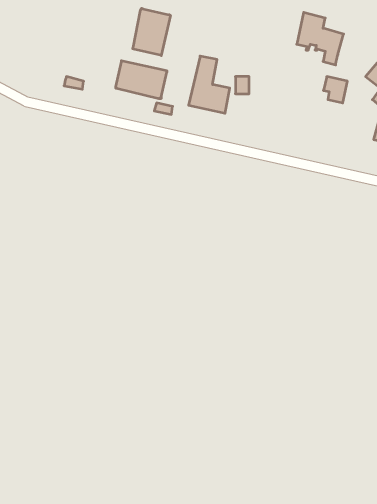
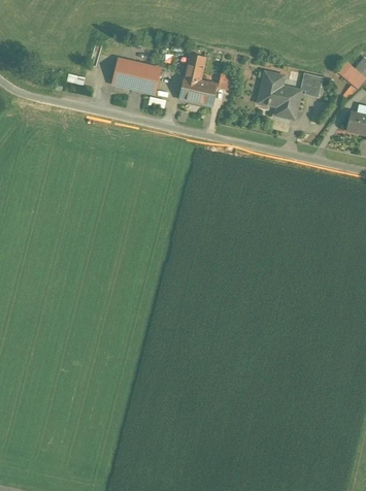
building: [133,8,170,56] -> none
building: [297,12,344,65] -> [258,71,300,119]

